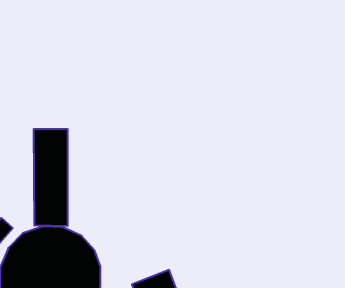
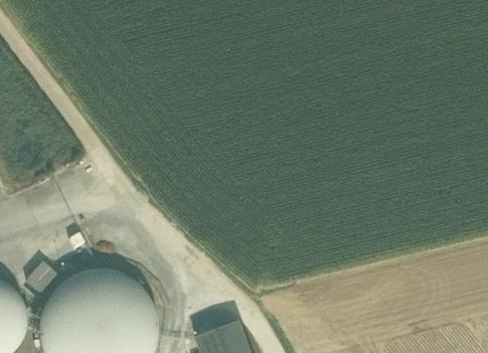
building: [34,129,68,226] -> none

